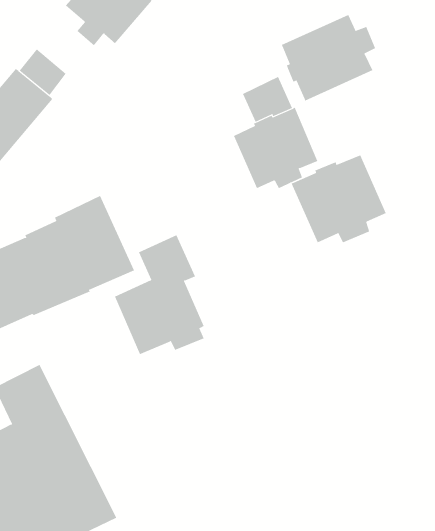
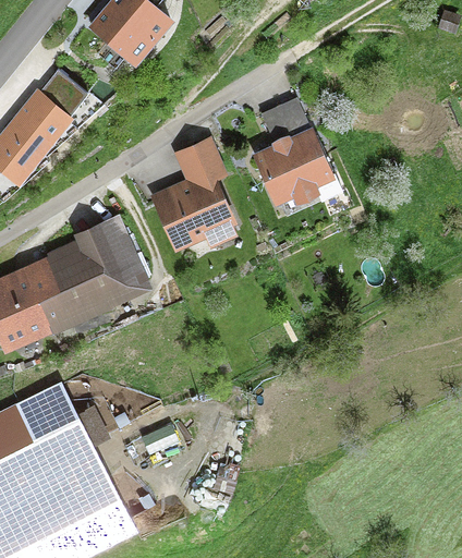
building: [281,14,376,101] -> none
building: [291,154,387,243] -> none
building: [114,235,205,355] -> [149,135,239,254]

